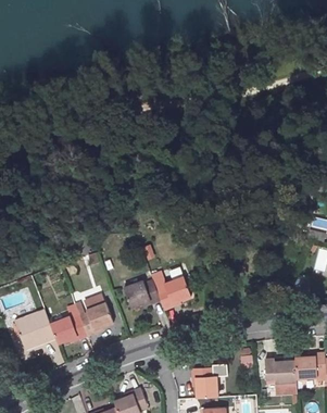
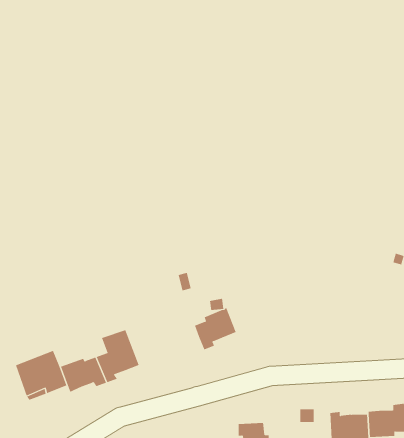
building: [123,279,160,308] -> none

